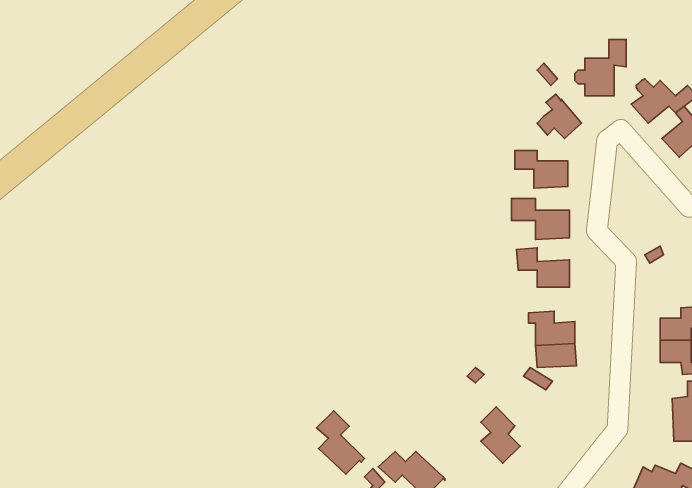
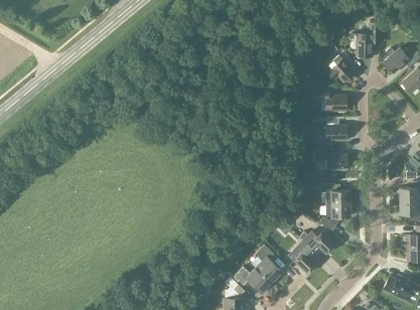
building: none -> [299,231,336,255]
building: [317,411,365,474] -> [255,245,283,282]

